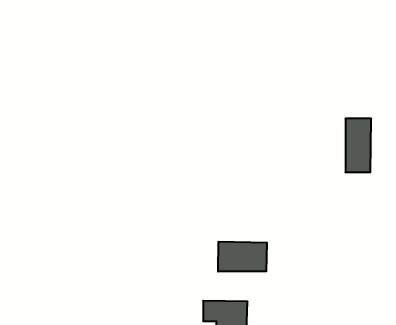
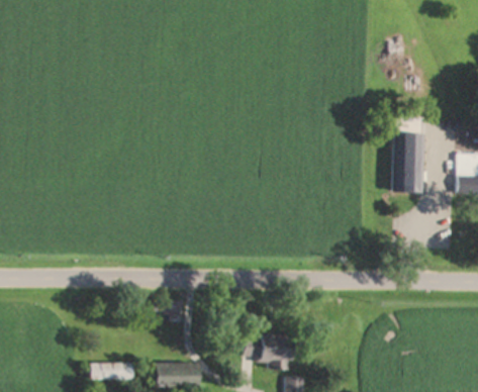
building: [218,242,267,272] -> none

